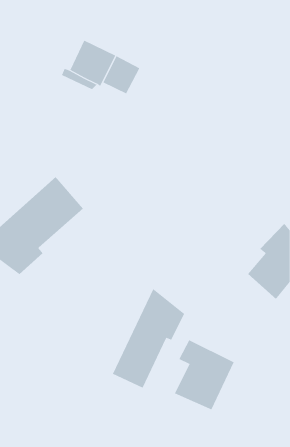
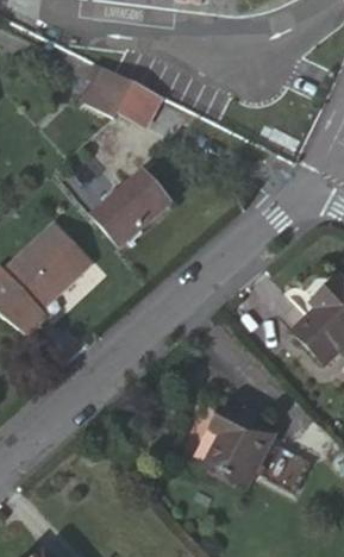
building: none -> [94,170,170,244]
building: [112,288,185,389] -> none

